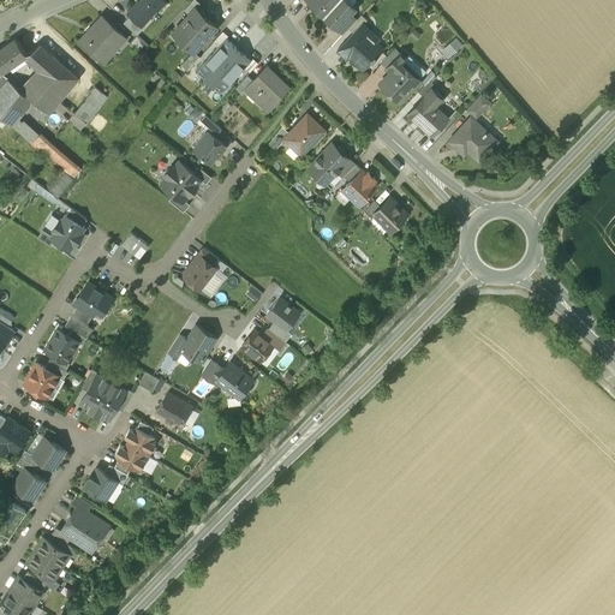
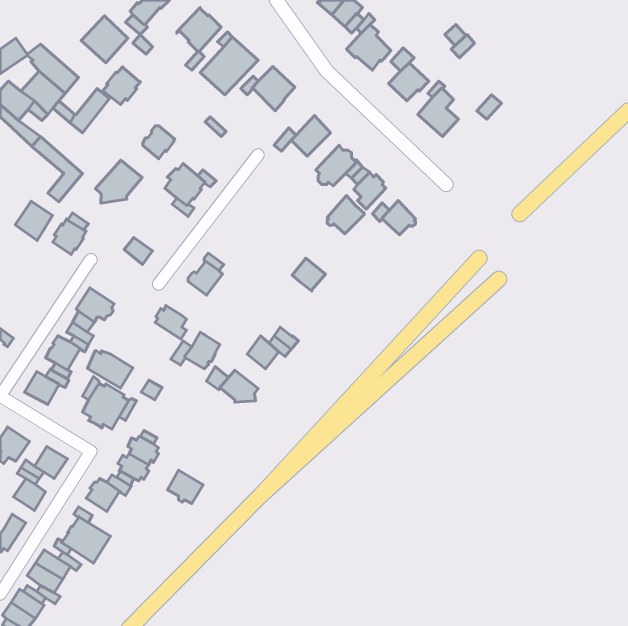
building: none -> [103,67,140,105]
building: [448,118,495,161] -> none
building: [195,133,226,166] -> [143,126,175,159]
building: none -> [96,160,142,203]
building: none -> [327,195,364,234]
building: none -> [15,201,52,241]
building: [267,299,299,332] -> [292,258,325,291]
building: none -> [155,305,187,339]
building: none -> [88,350,133,388]
building: [156,394,191,426] -> [167,470,203,503]

